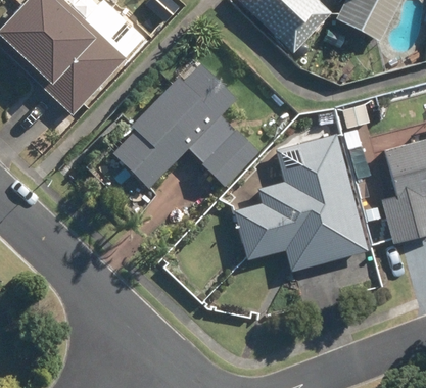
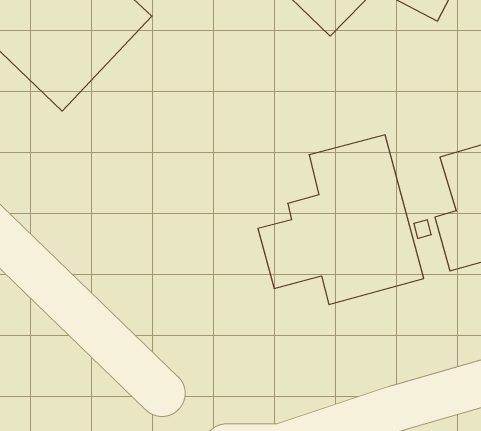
building: [108,63,258,188] -> none

